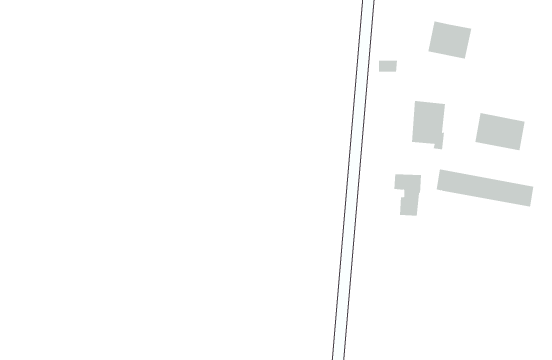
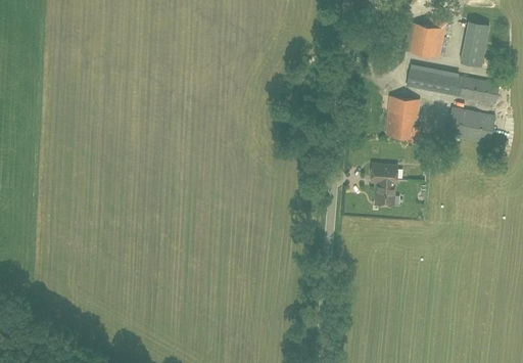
building: none -> [460,20,488,65]
building: [436,169,534,207] -> [407,66,498,102]

